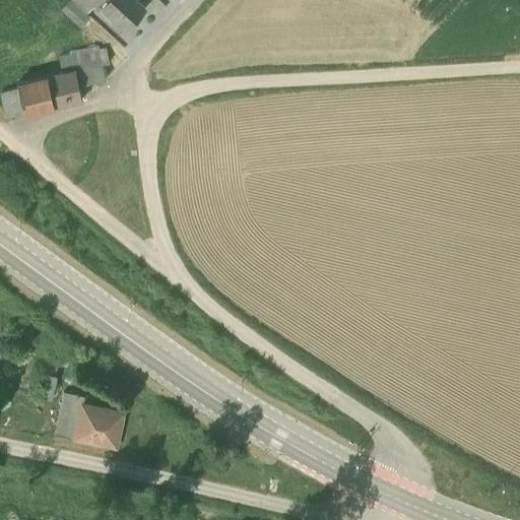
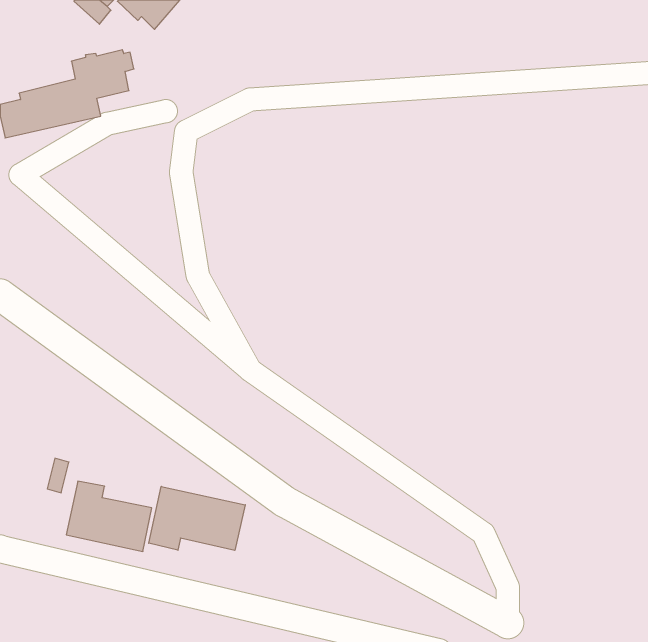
building: none -> [149,486,245,550]

